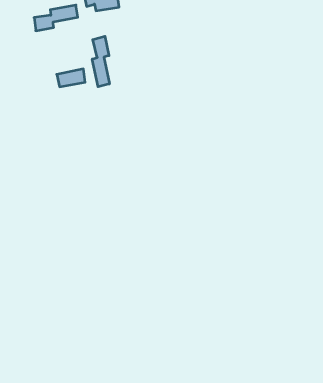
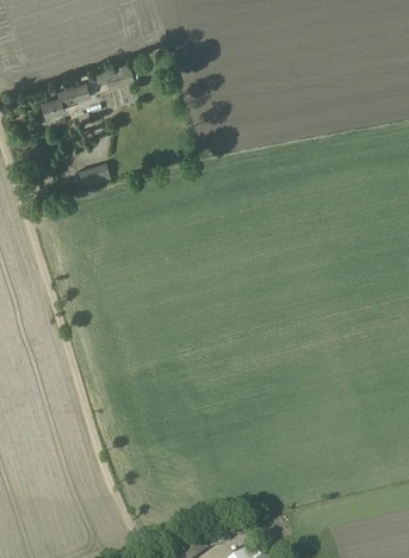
building: [92,36,109,87] -> none

